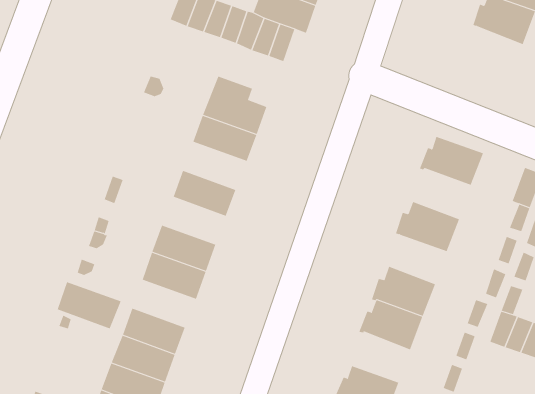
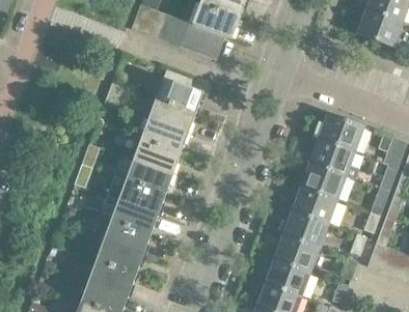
building: none -> [140,118,188,153]
building: none -> [306,138,358,178]
building: none -> [125,159,172,194]
building: none -> [288,187,335,223]
building: [57,281,121,329] -> [103,220,151,255]
building: none -> [262,258,308,295]

